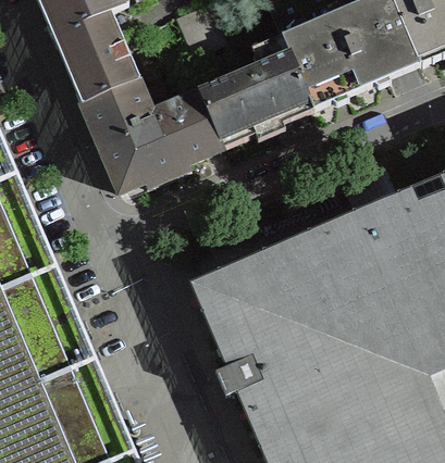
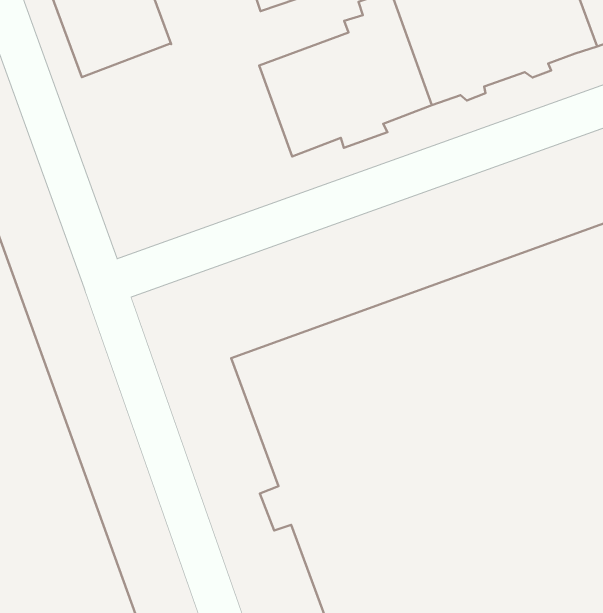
building: [81,77,222,190] -> none

